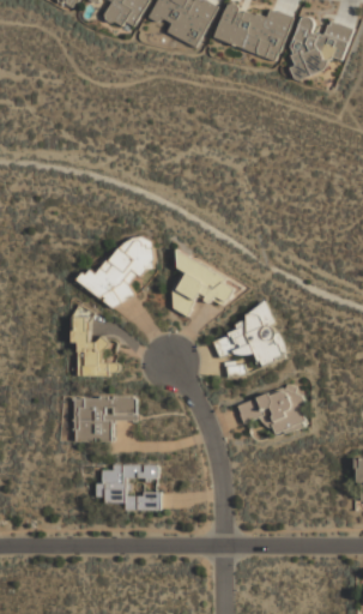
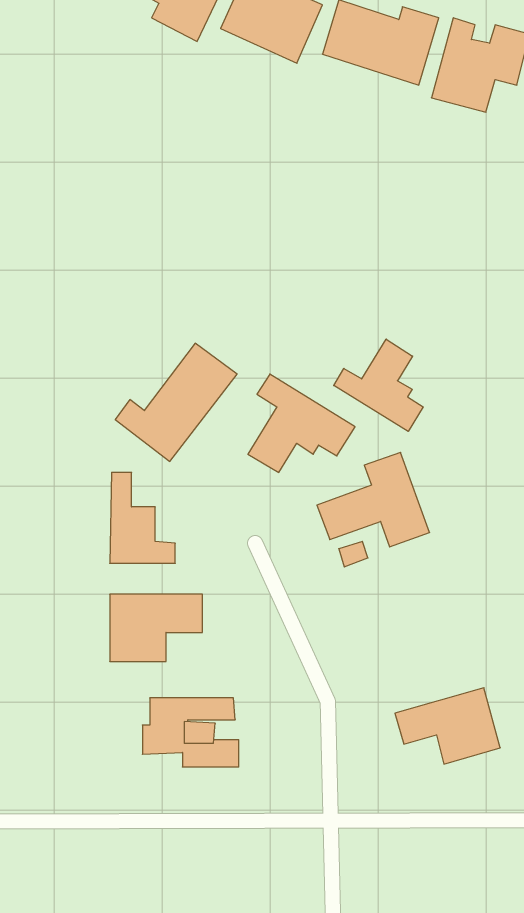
building: none -> [334,339,423,431]
building: [237,385,307,435] -> [395,688,500,764]

